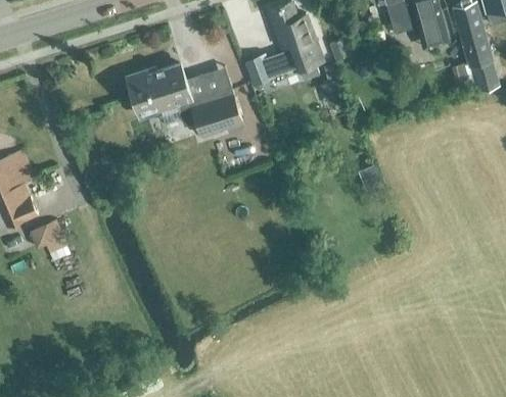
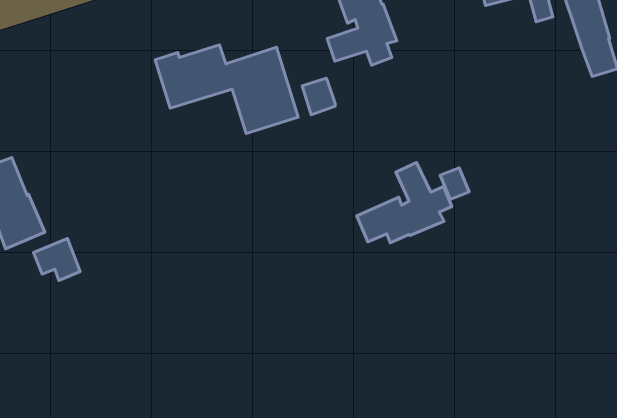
building: [245,58,272,88] -> [302,78,335,115]
building: none -> [357,163,452,243]

